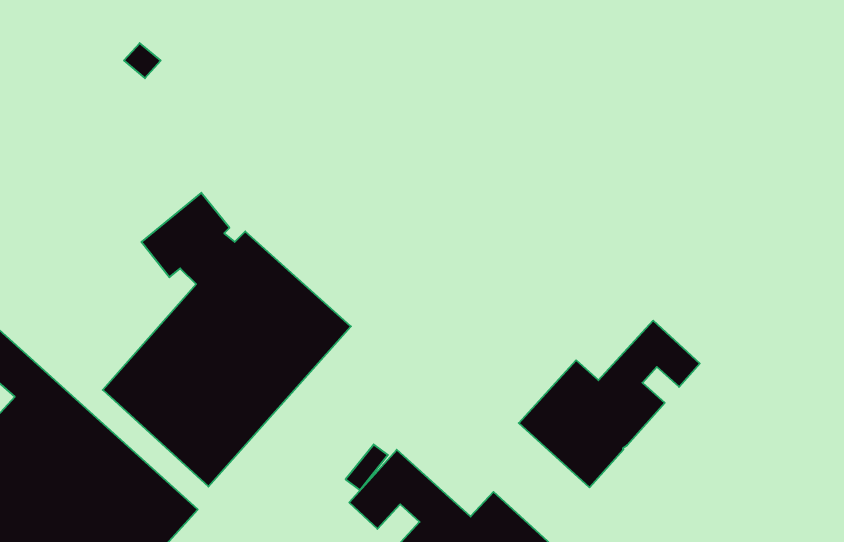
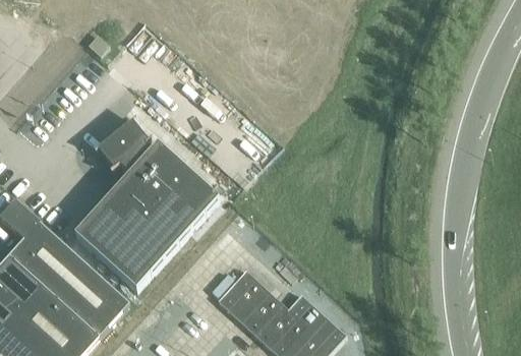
building: [519,321,700,487] -> none

